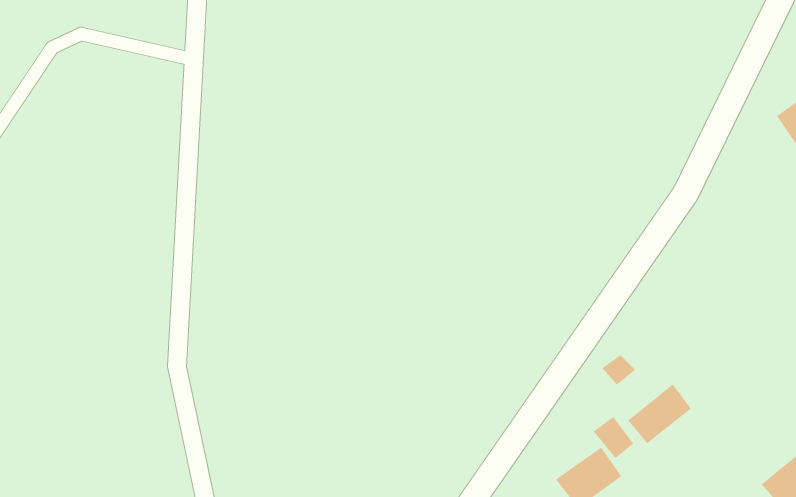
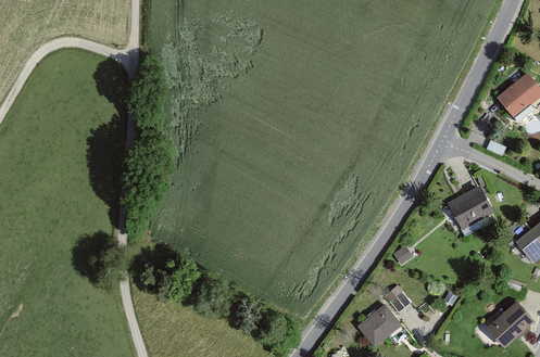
building: none -> [449,190,493,229]
building: [628,383,692,444] -> none

